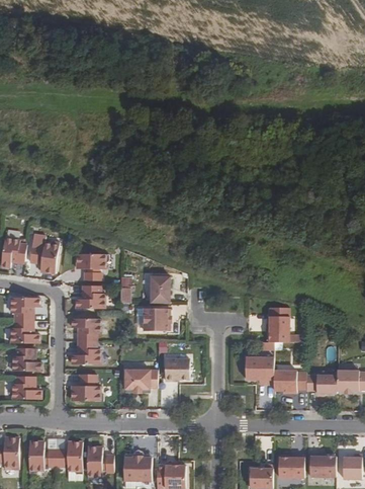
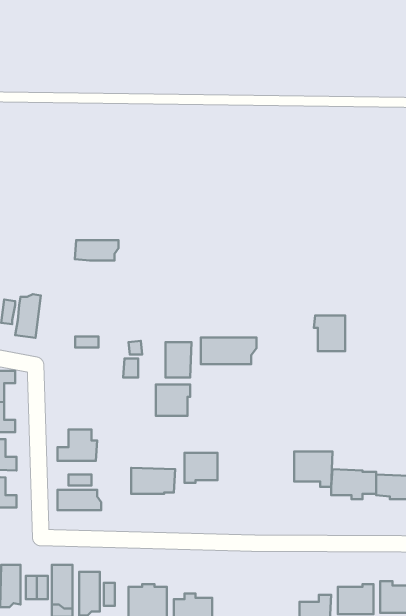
building: [76,254,108,269] -> [75,240,119,261]
building: none -> [201,337,257,364]
building: [76,286,104,309] -> none
building: [266,316,289,342] -> [314,315,345,351]
building: [71,319,100,341] -> none

